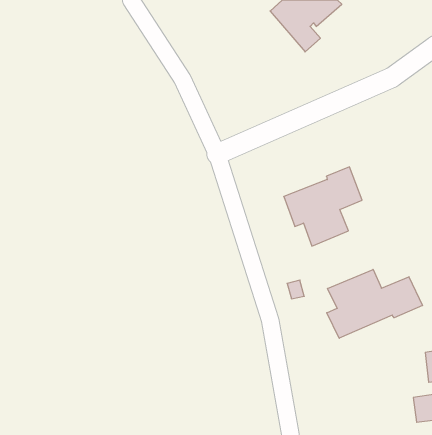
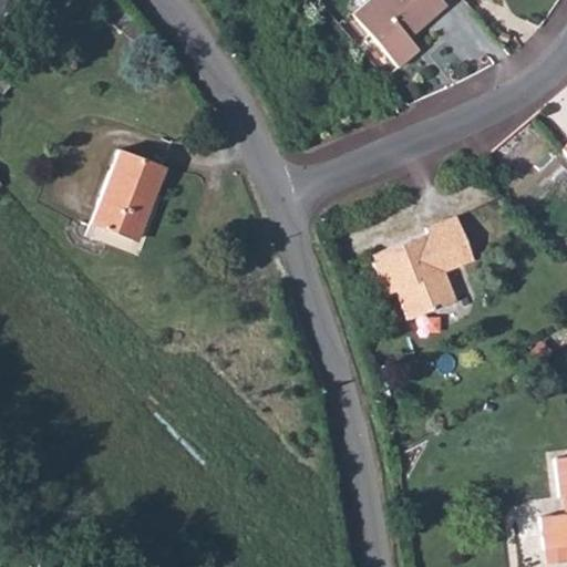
building: none -> [93,151,166,240]
building: [327,269,422,338] -> none

